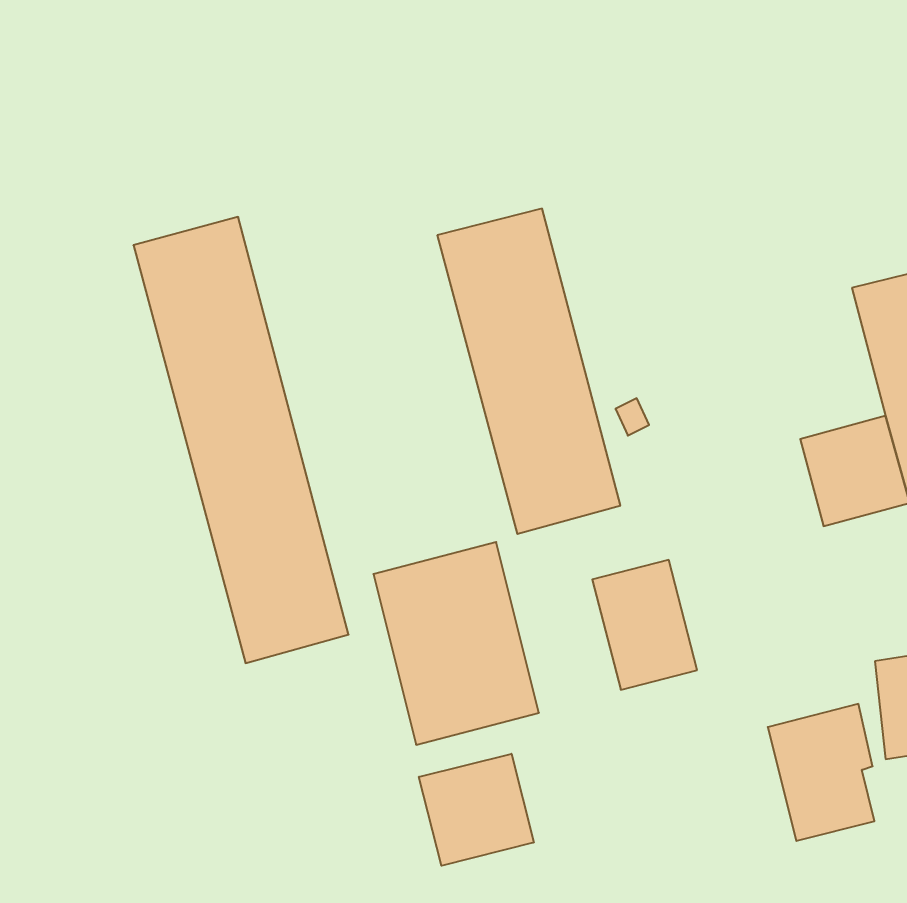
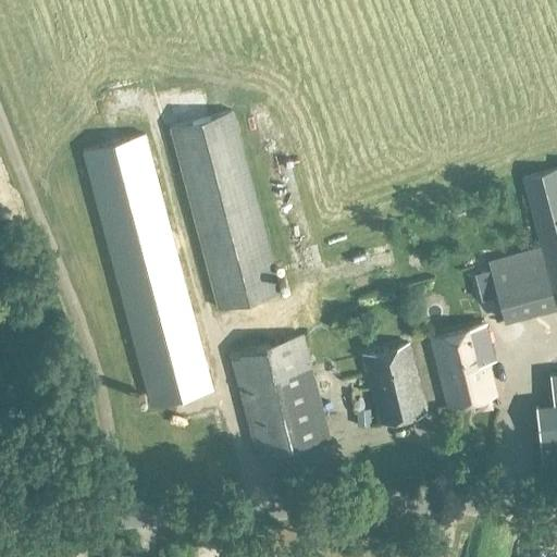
building: [437,209,620,534] -> [170,113,282,312]
building: [768,704,874,841] -> [431,325,496,409]
building: [419,754,534,866] -> none

